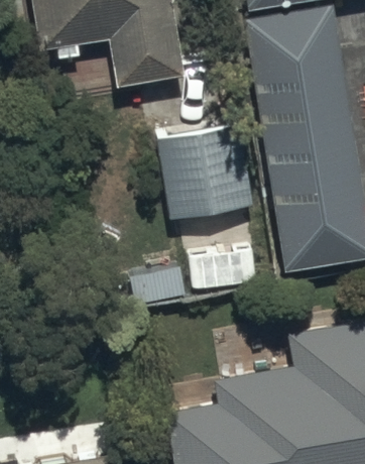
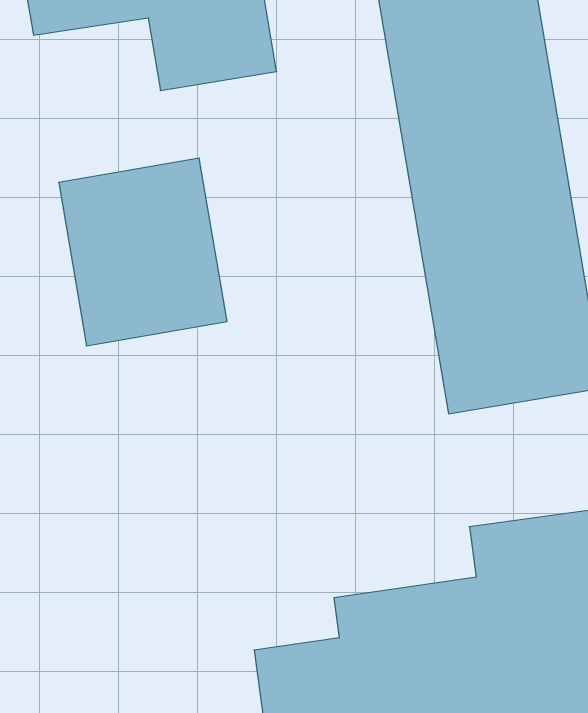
building: [158,122,256,231] -> [59,158,227,346]

